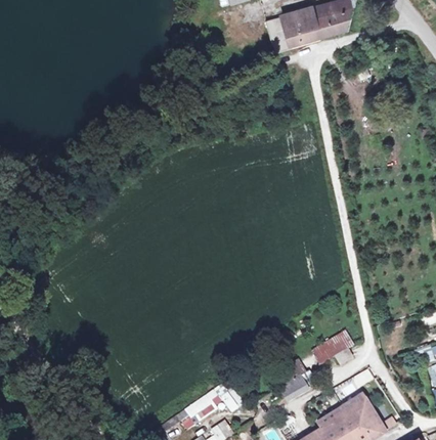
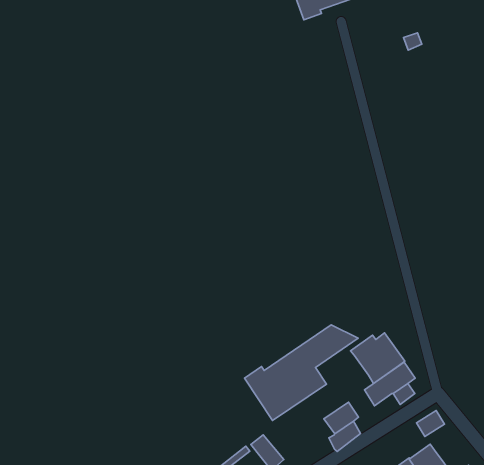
building: none -> [245,325,358,420]
building: none -> [351,333,405,383]

